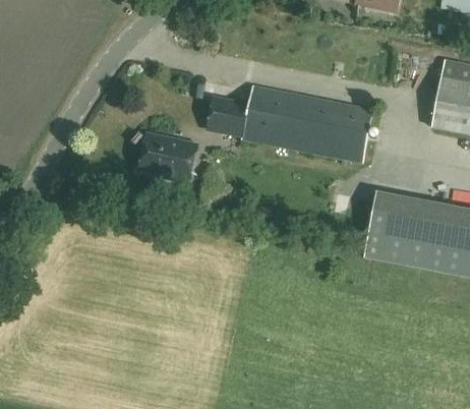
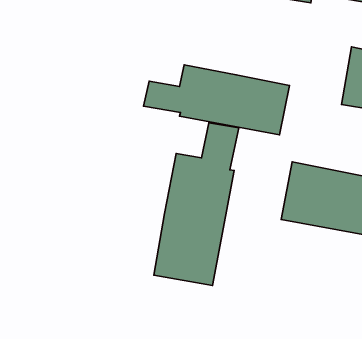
building: [138,135,196,182] -> none
building: none -> [154,123,239,286]

